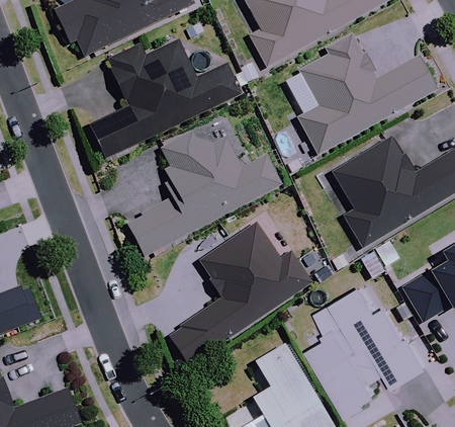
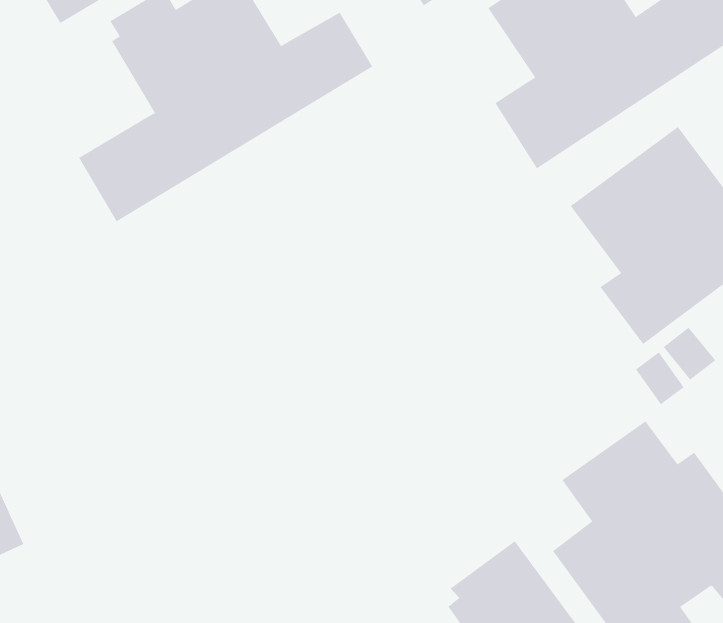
building: [124,130,277,257] -> none
building: [167,223,310,366] -> none

